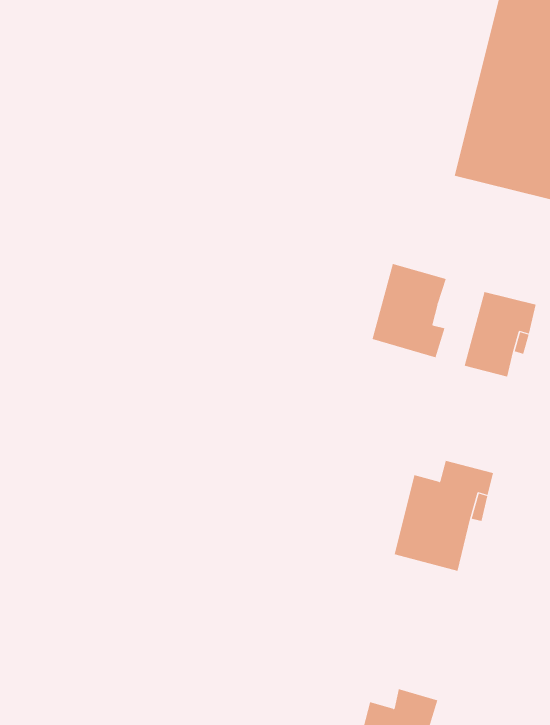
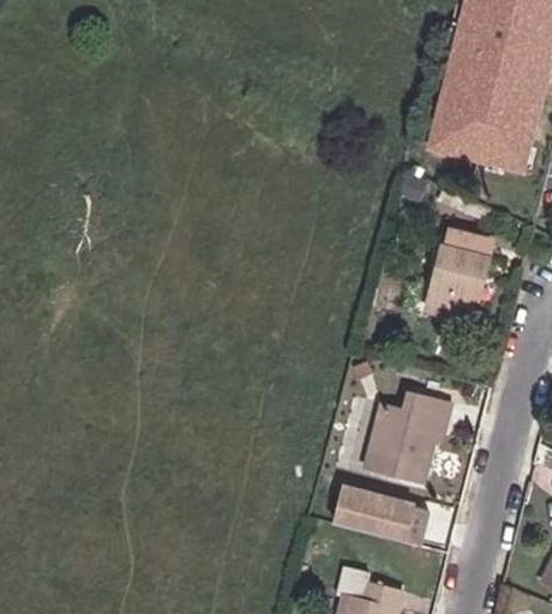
building: [372,263,446,358] -> none
building: none -> [342,489,431,543]

